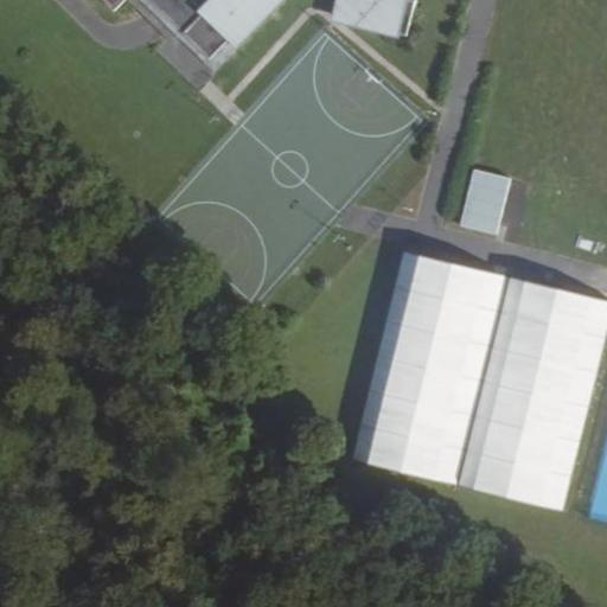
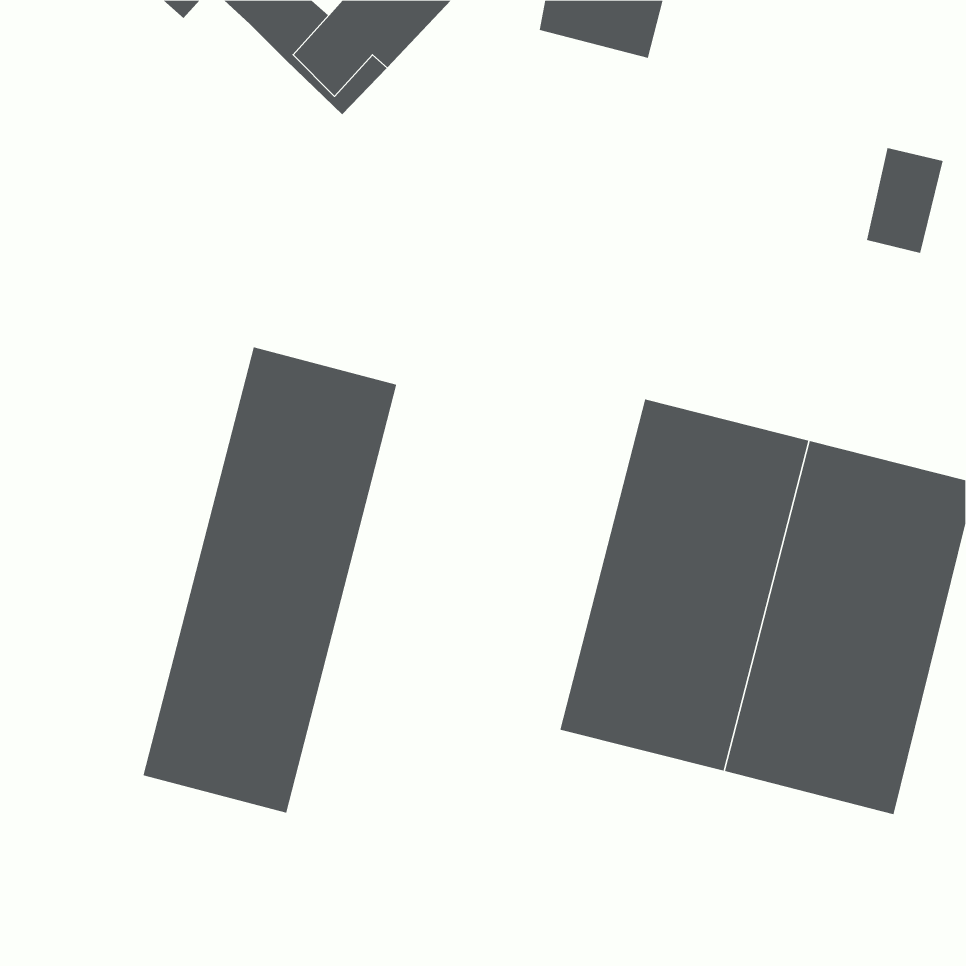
building: [460,168,509,235] -> [866,147,944,253]
building: none -> [143,346,397,814]

